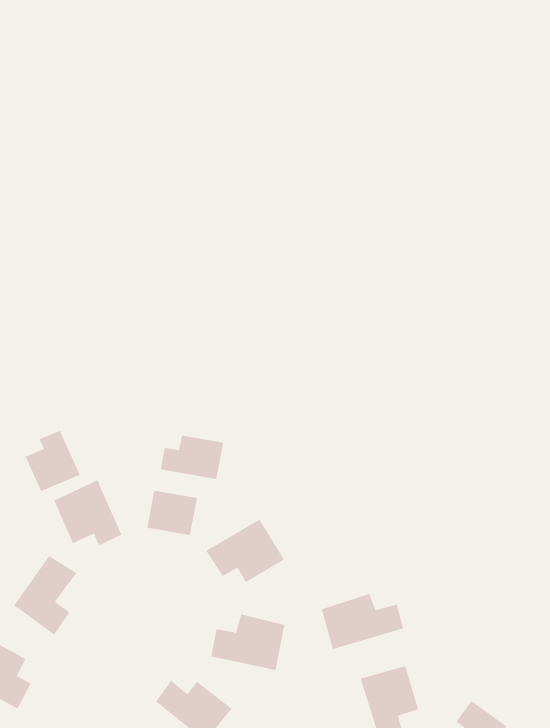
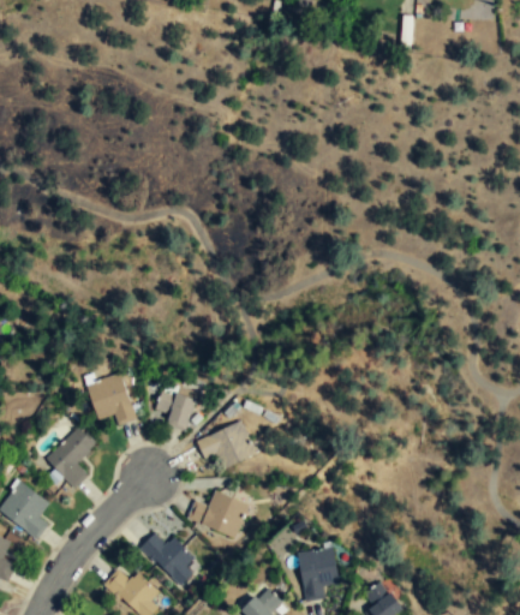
building: [25,430,81,492] -> none
building: [160,435,224,480] -> none
building: [321,593,404,650] -> none

